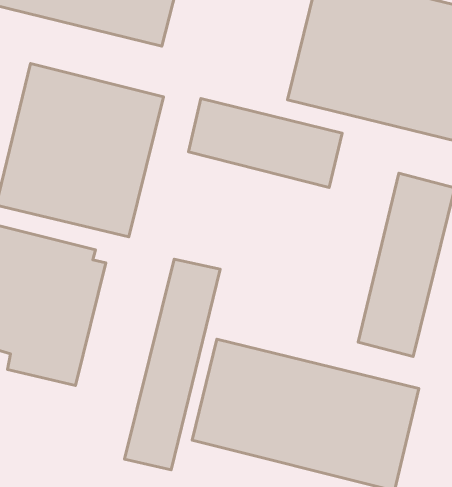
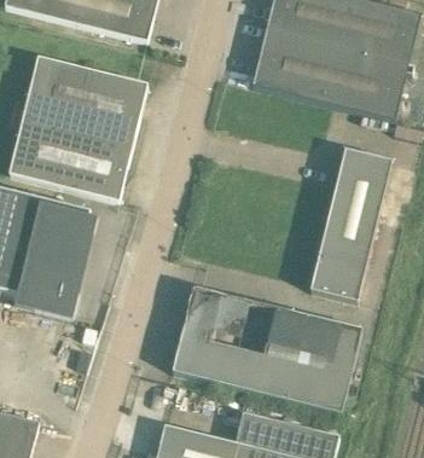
building: [189,98,342,188] -> none
building: [125,259,220,470] -> none

